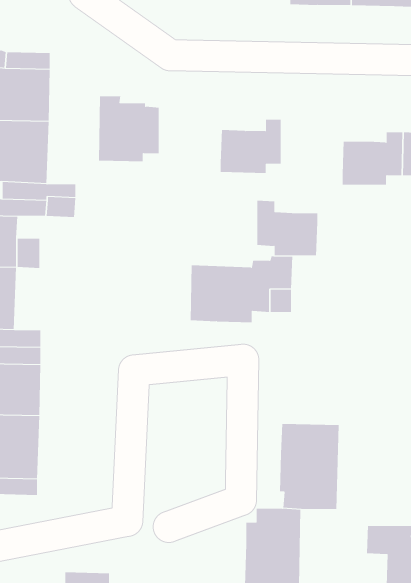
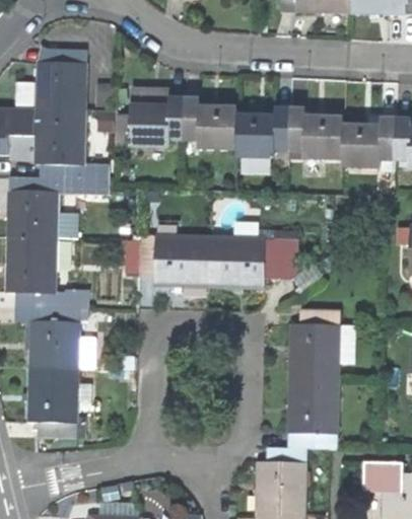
building: none -> [182,98,235,147]
building: [257,200,318,256] -> [288,108,342,157]
building: none -> [138,234,209,292]
building: none -> [288,310,355,376]

